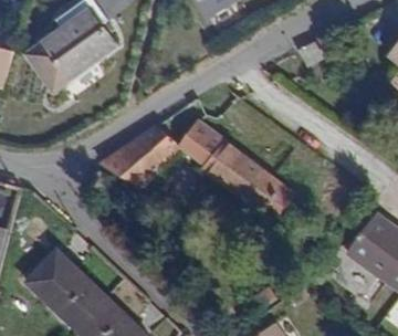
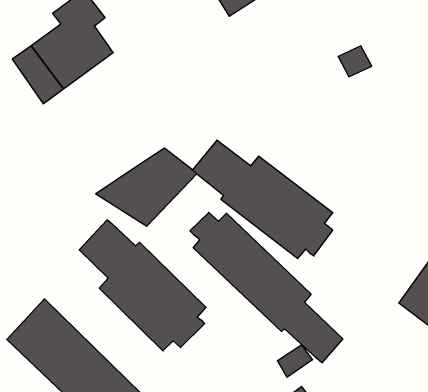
building: none -> [190,212,343,363]
building: none -> [79,220,206,351]

